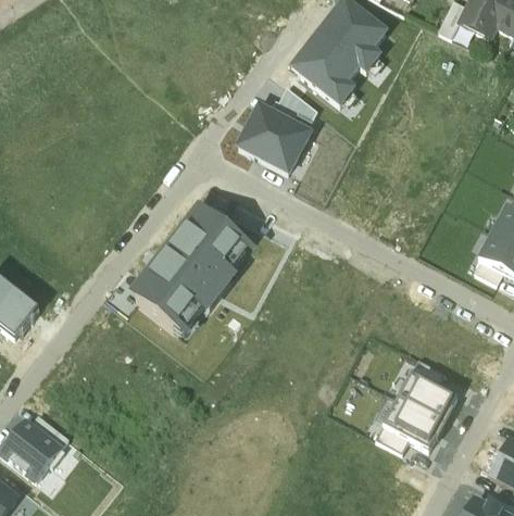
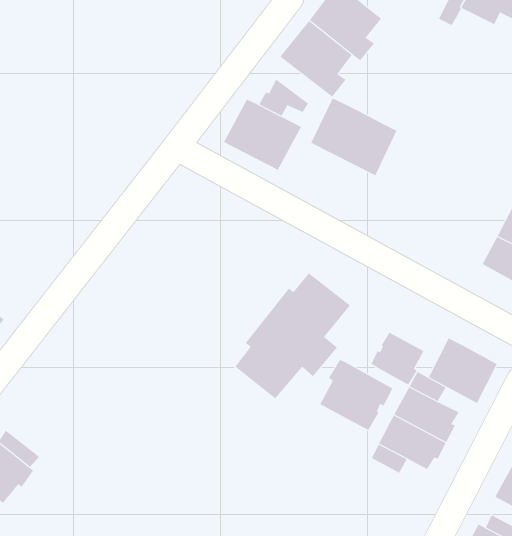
building: none -> [311,98,397,176]
building: [136,210,243,327] -> [234,272,351,399]
building: none -> [370,332,424,385]
building: none -> [428,337,498,404]
building: none -> [319,359,393,431]

